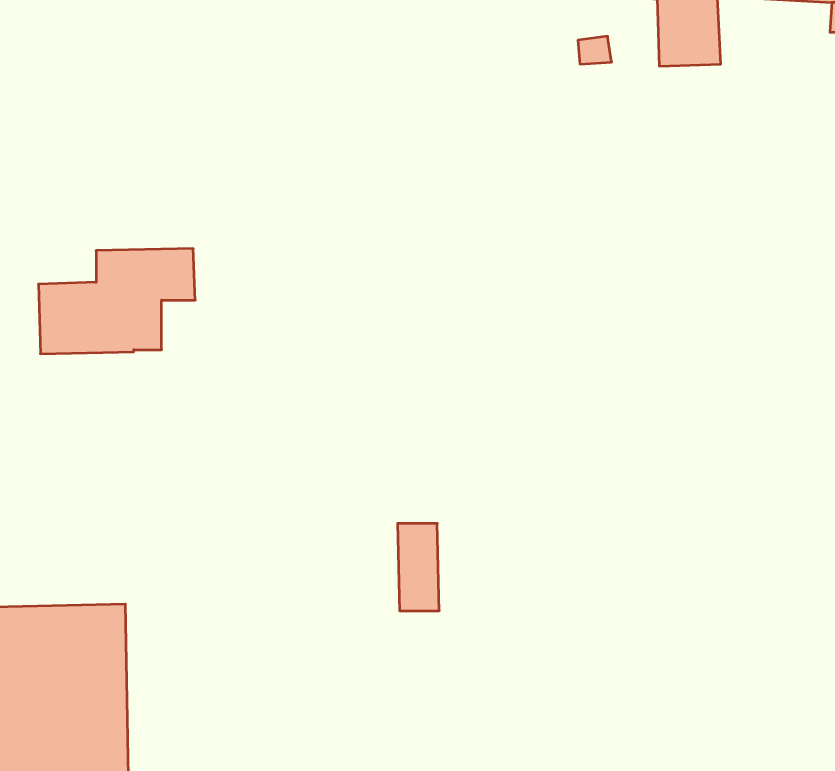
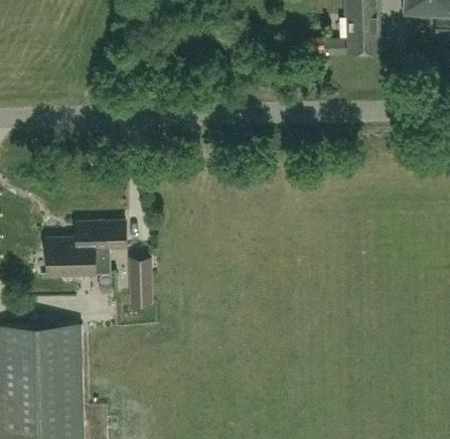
building: [38,249,195,354] -> [47,222,127,275]
building: [398,523,439,611] -> [131,259,152,303]

